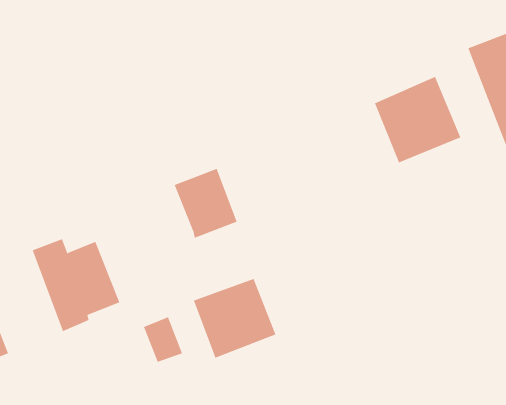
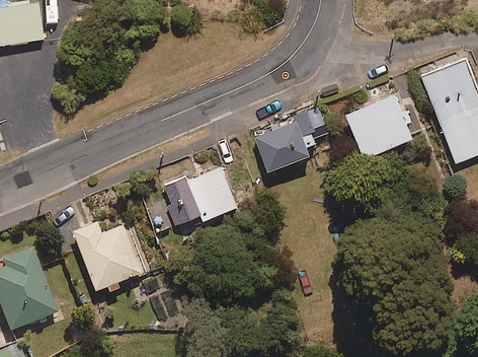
building: none -> [256,106,327,172]
building: none -> [160,178,202,228]
building: [193,278,276,358] -> none

